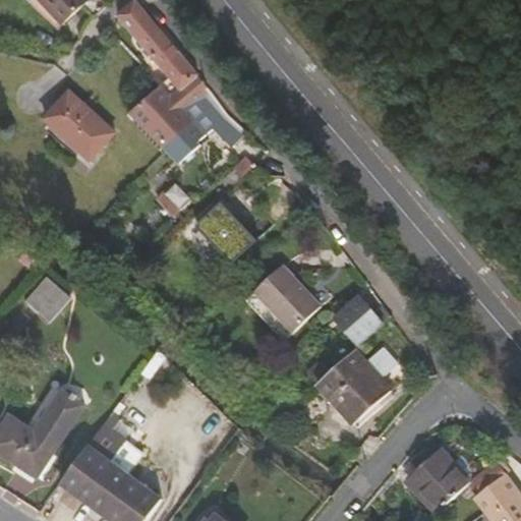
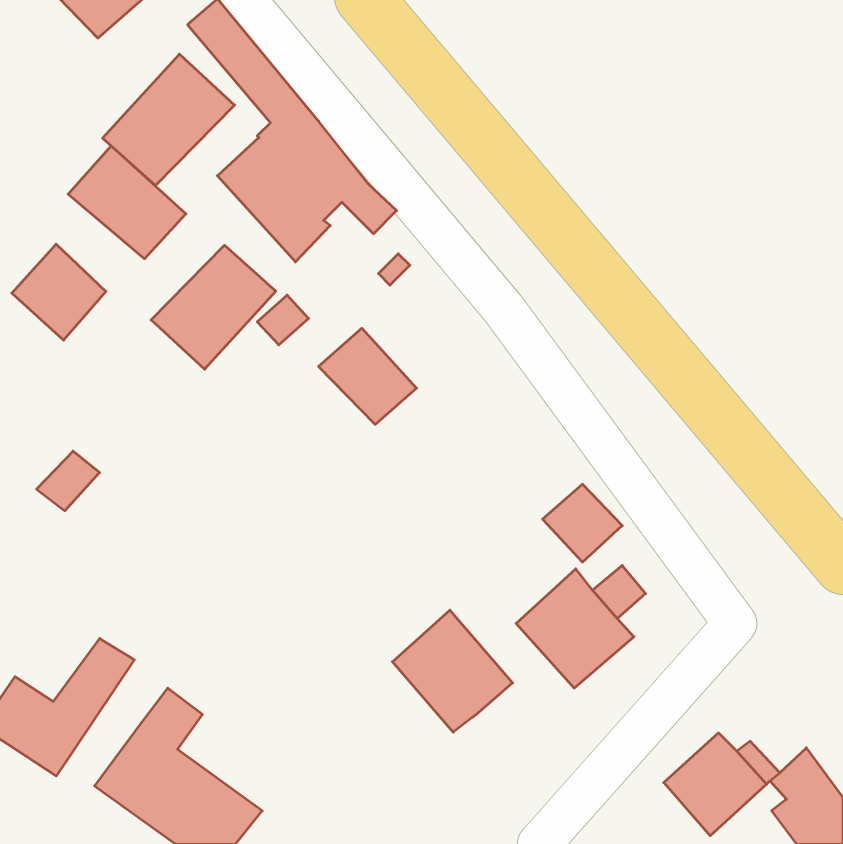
building: none -> [103,54,235,186]
building: none -> [12,244,106,340]
building: none -> [151,245,276,369]
building: [253,265,320,330] -> none
building: none -> [392,610,513,732]

